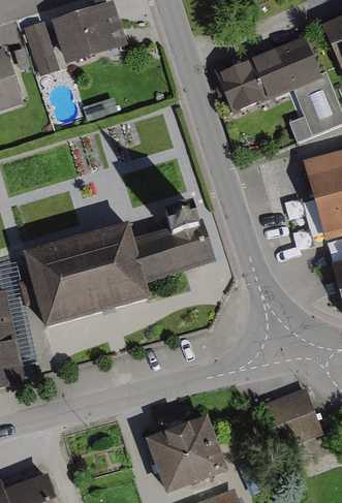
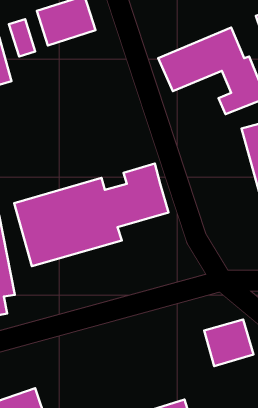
building: [149,417,228,486] -> none

